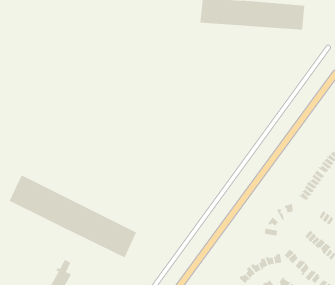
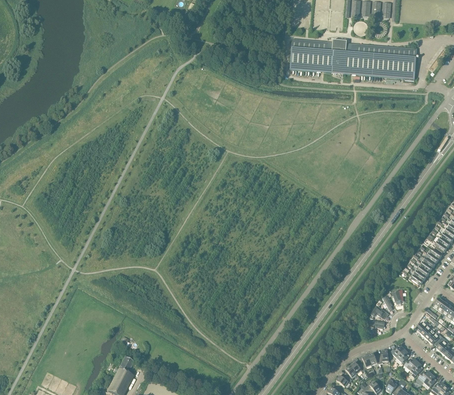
building: [9,175,137,258] -> none

